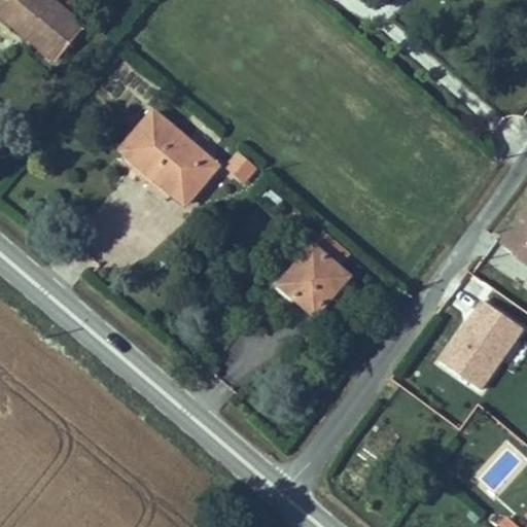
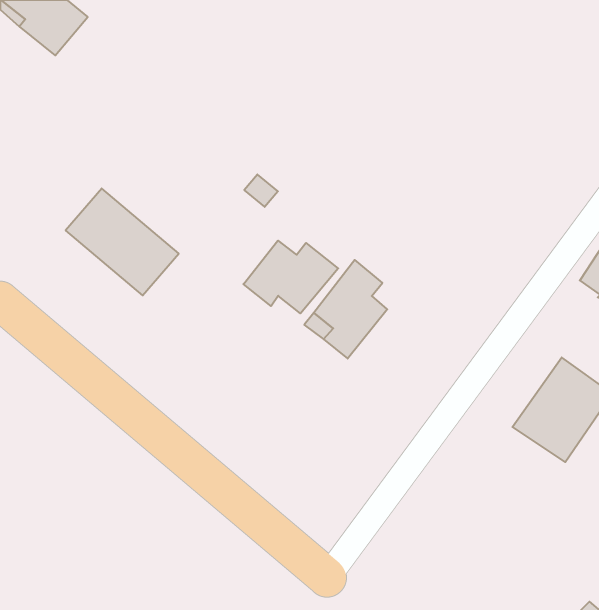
building: [117,112,214,204] -> [66,188,179,295]
building: none -> [243,241,338,313]

